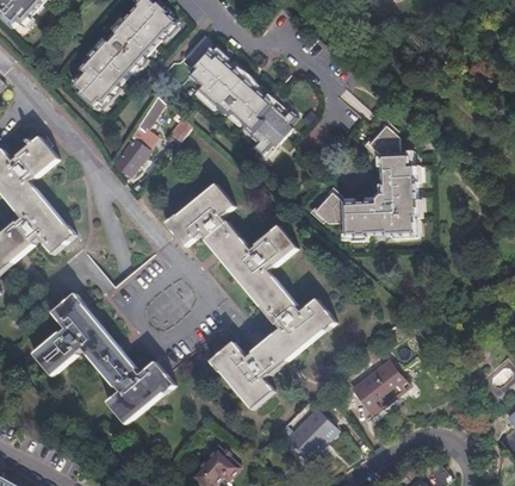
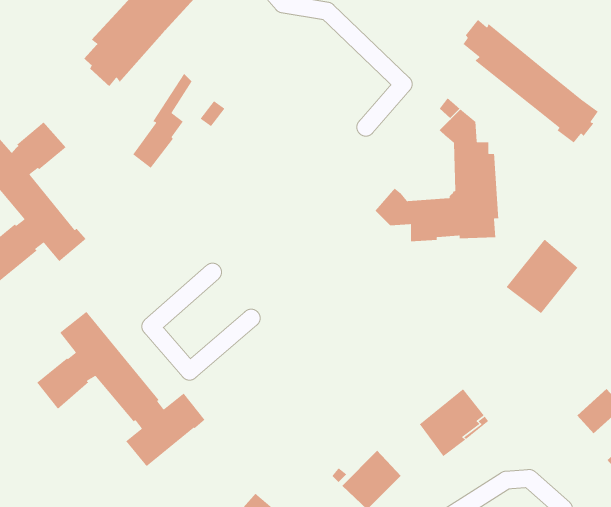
building: [186,48,296,158] -> none
building: none -> [463,19,599,143]
building: [165,183,334,407] -> none
building: none -> [506,239,579,314]

